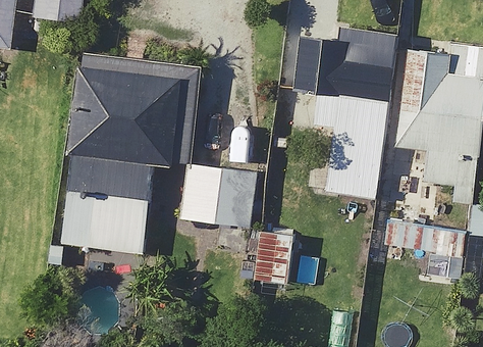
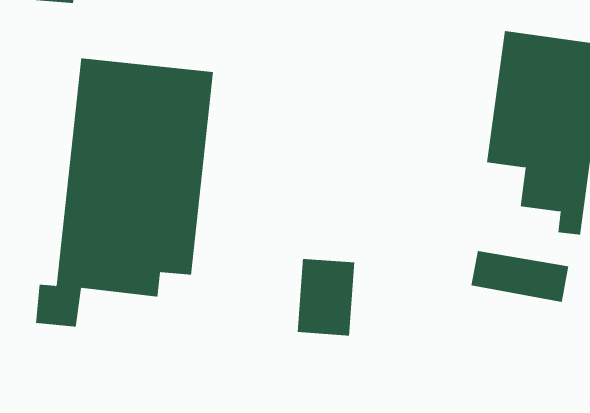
building: [292,26,398,197] -> none
building: [179,162,249,248] -> none

